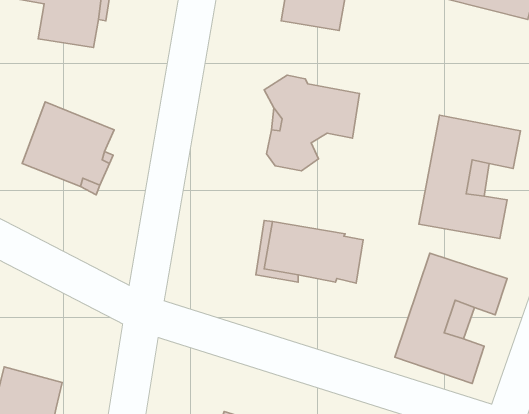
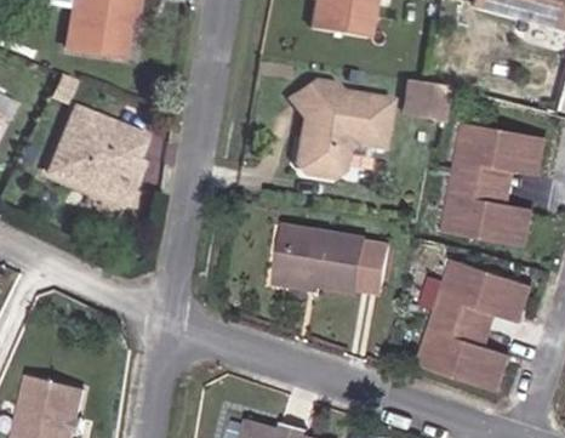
building: none -> [400,73,449,115]

